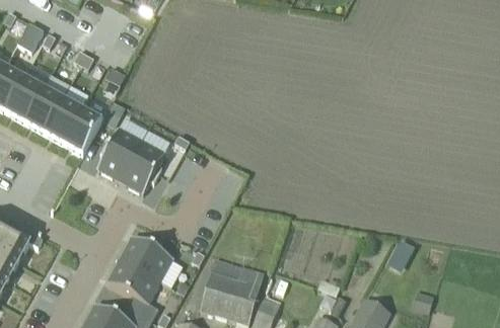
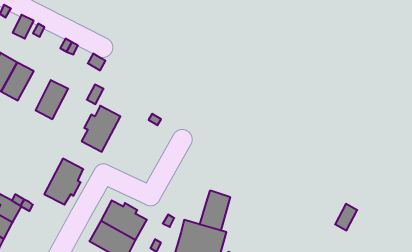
building: [24,87,62,132] -> none
building: [64,107,102,153] -> none
building: [121,139,165,191] -> [44,159,83,205]
building: none -> [200,191,230,230]

